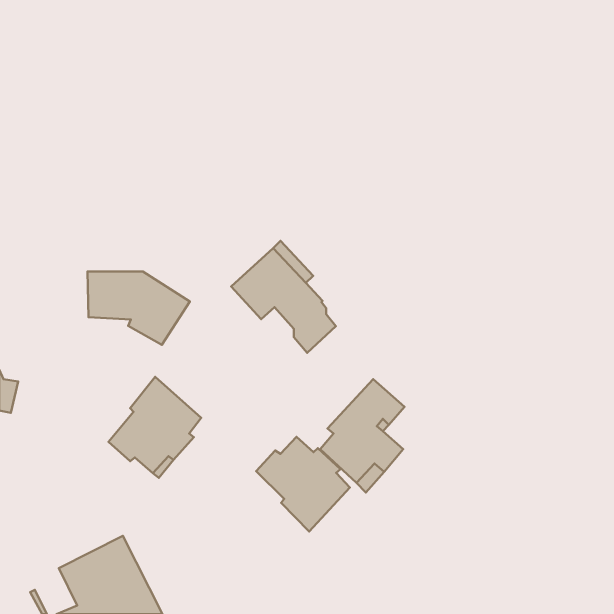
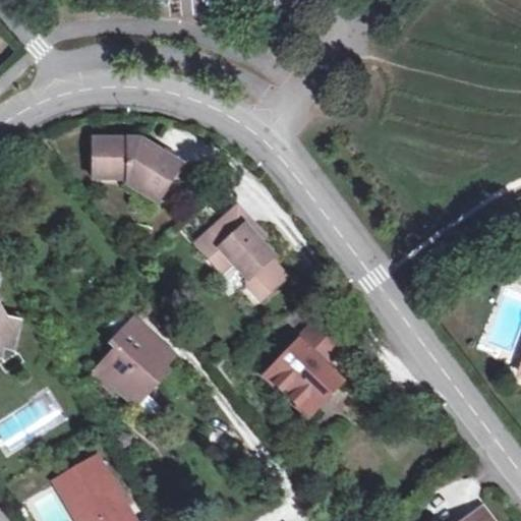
building: [87,271,190,345] -> [94,137,180,199]
building: [256,437,350,531] -> none

